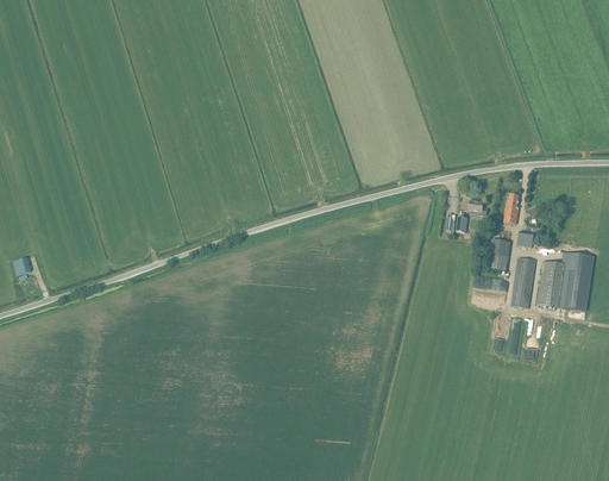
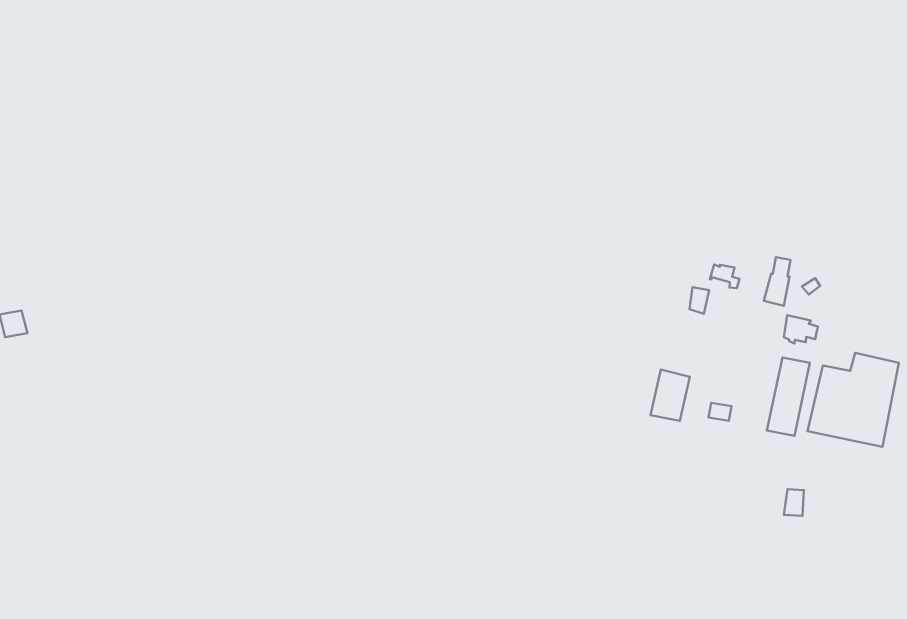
building: [486,238,510,270] -> [651,370,690,421]

